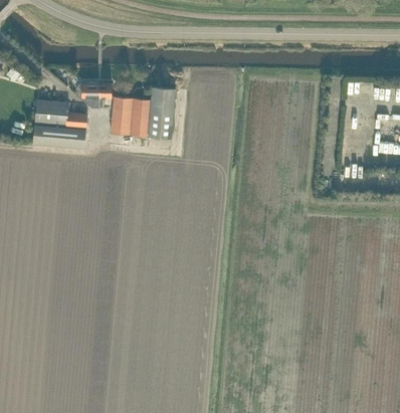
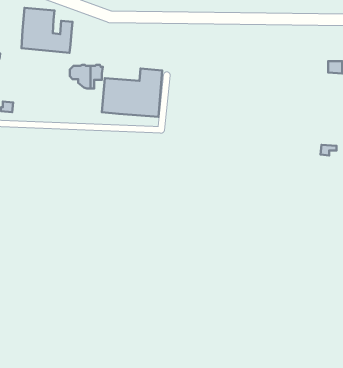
building: [34,99,88,148] -> [22,8,72,53]

